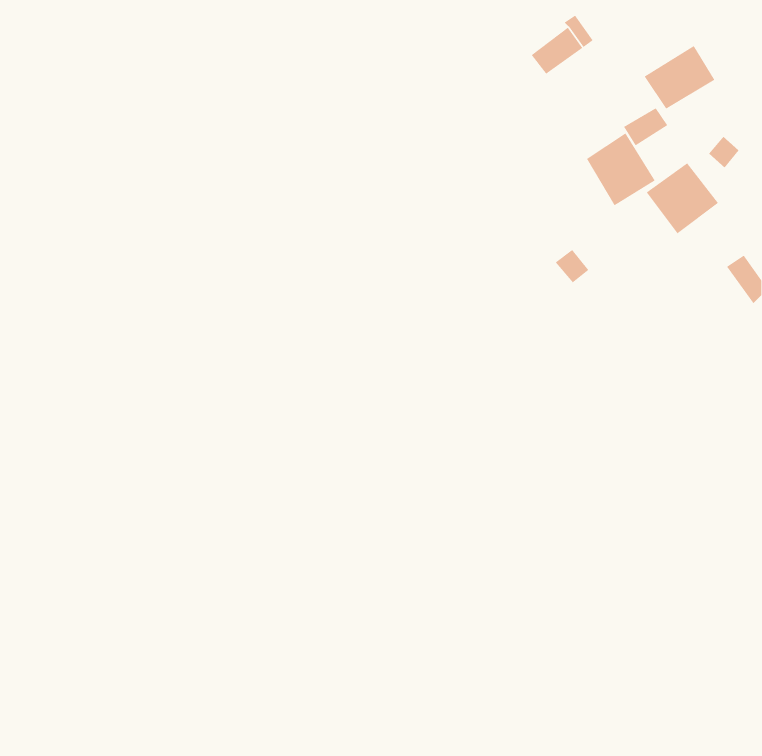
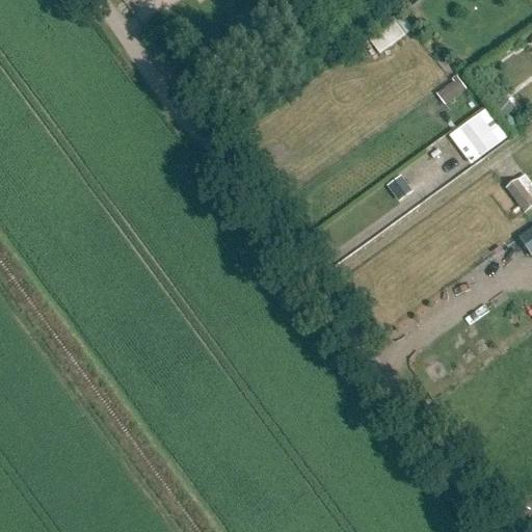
building: [644,45,715,109] -> none
building: [586,133,655,206] -> none

